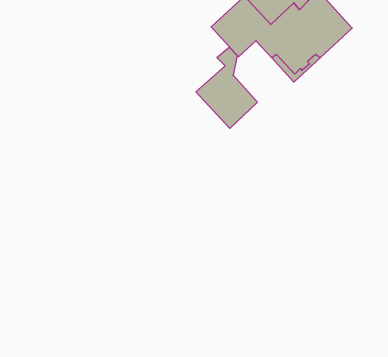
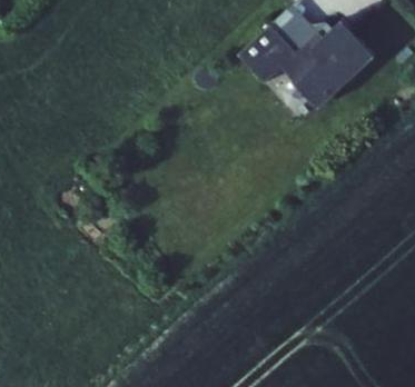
building: [196,47,257,128] -> none

